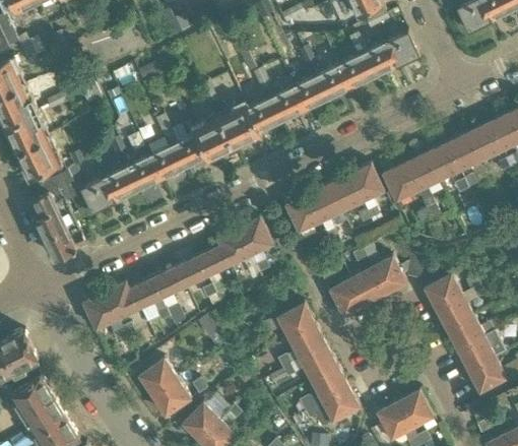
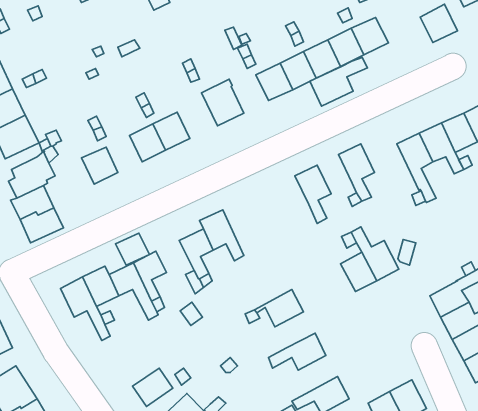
building: [384,30,419,67] -> [420,4,457,43]
building: none -> [310,58,367,106]
building: [246,98,281,134] -> none
building: [191,115,233,158] -> none
building: [126,155,160,191] -> none
building: [383,164,417,201] -> none
building: [328,174,362,211] -> none
building: [79,177,115,213] -> none
building: [285,194,328,244] -> none
building: [238,216,272,270] -> none
building: [174,256,206,286] -> [116,233,150,265]
building: [319,264,365,316] -> none
building: [424,273,462,309] -> none
building: [276,324,326,368] -> none
building: [138,359,177,395] -> none
building: [300,366,347,409] -> none

